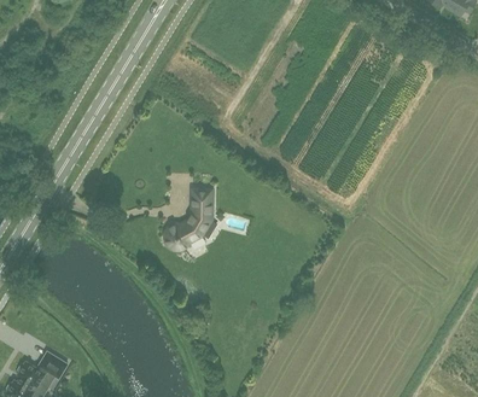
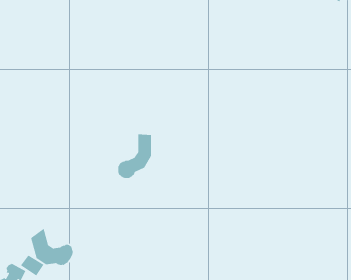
building: none -> [30,227,74,266]

